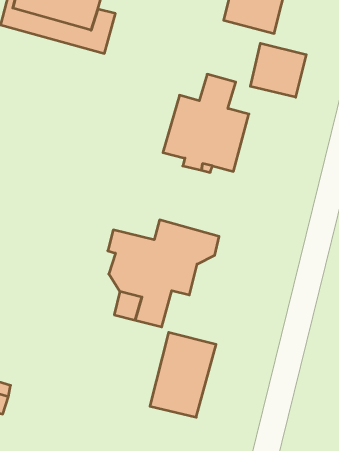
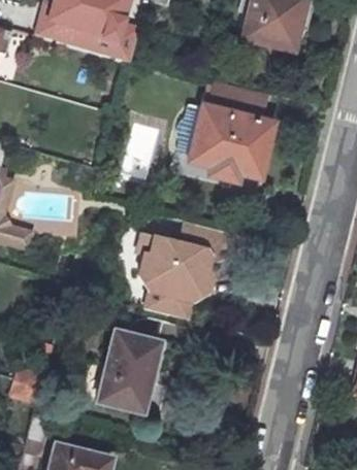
building: [250,43,306,97] -> none
building: [150,332,216,417] -> [96,328,158,407]

